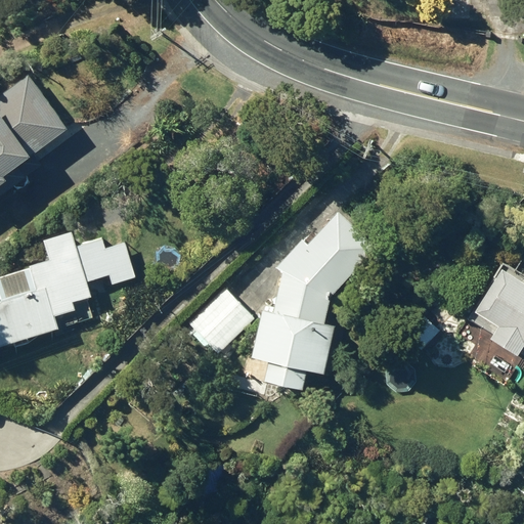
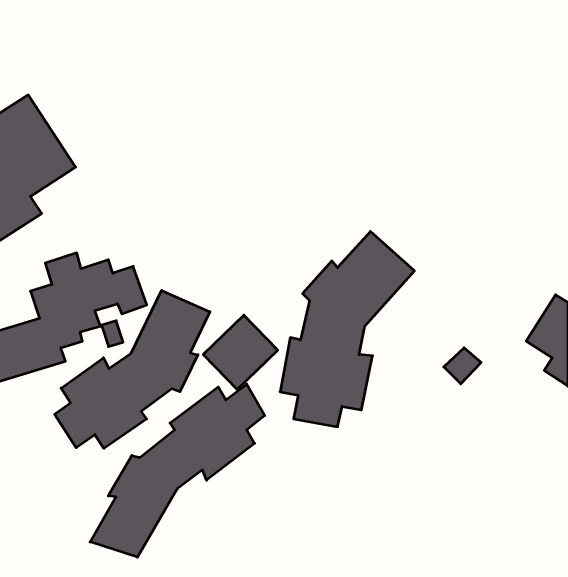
building: none -> [55,290,210,448]
building: none -> [90,384,265,557]

